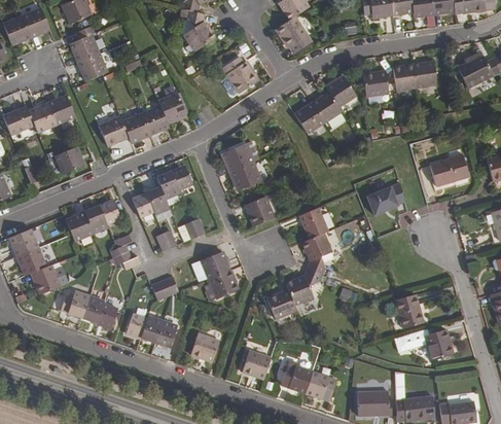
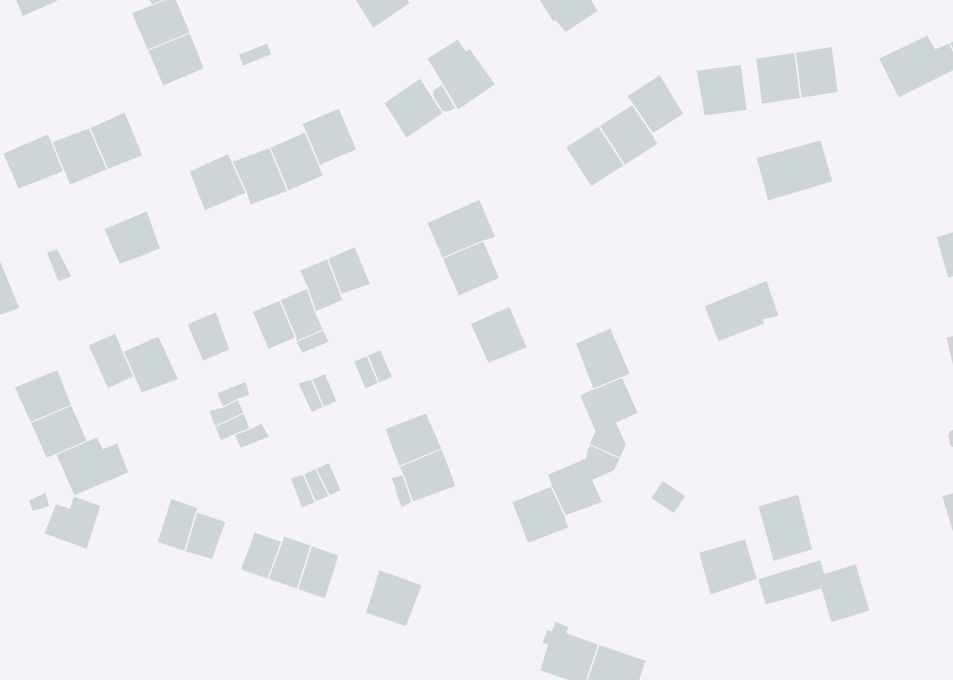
building: none -> [383,78,443,139]
building: [429,154,469,186] -> [756,140,833,201]
building: [83,205,107,234] -> [88,333,133,389]
building: [60,290,90,318] -> [44,496,101,549]
building: none -> [699,539,757,595]
building: [242,350,271,379] -> none

